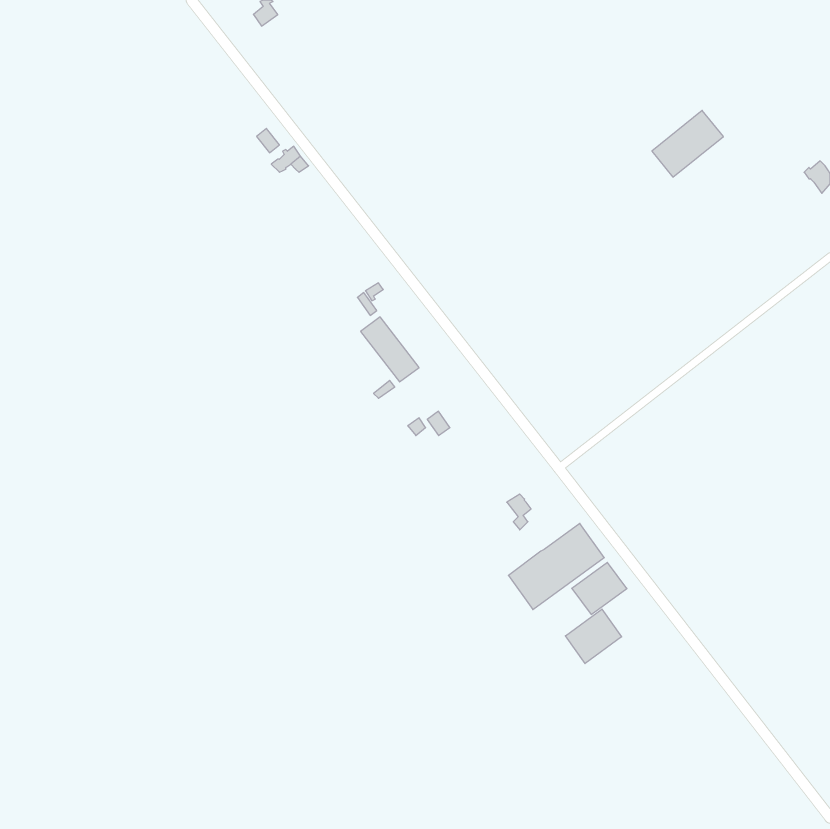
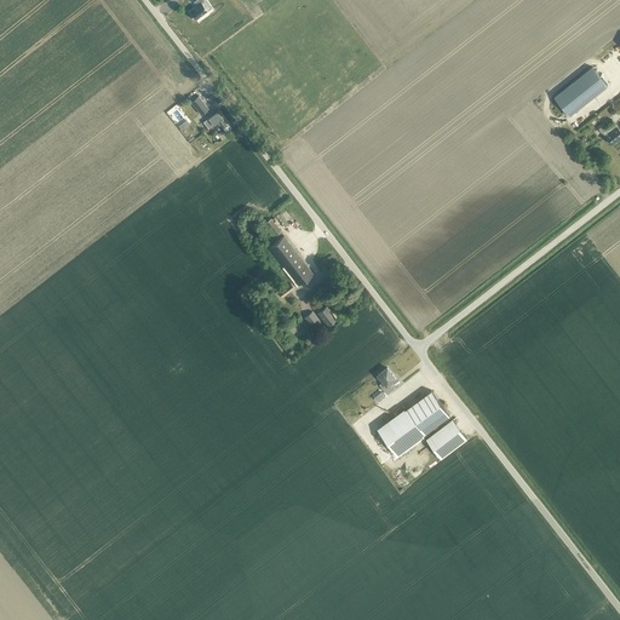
building: [652,110,723,177] -> [555,68,608,117]
building: [565,609,622,664] -> none

